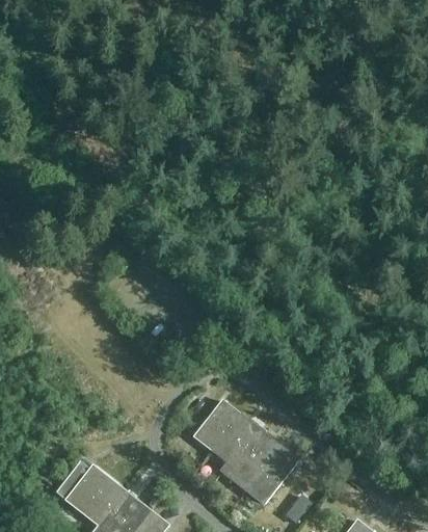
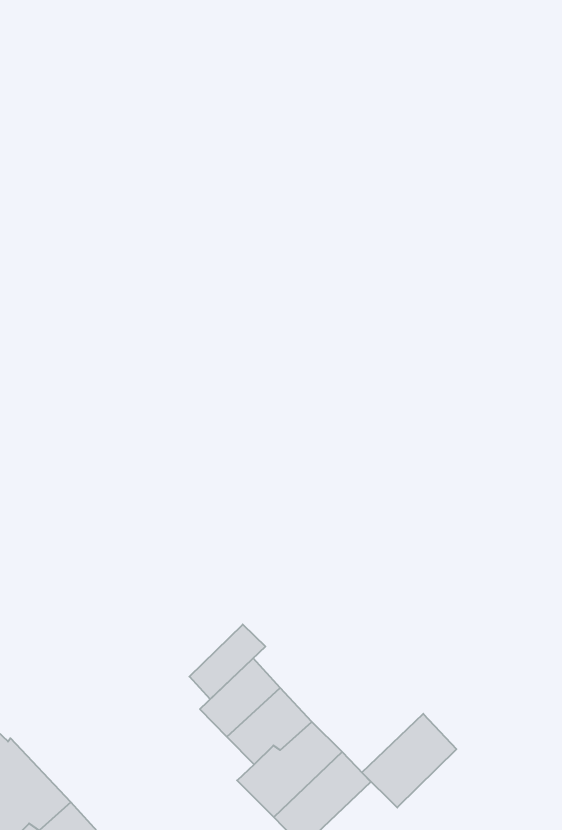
building: none -> [189,624,265,699]
building: none -> [362,714,456,808]

